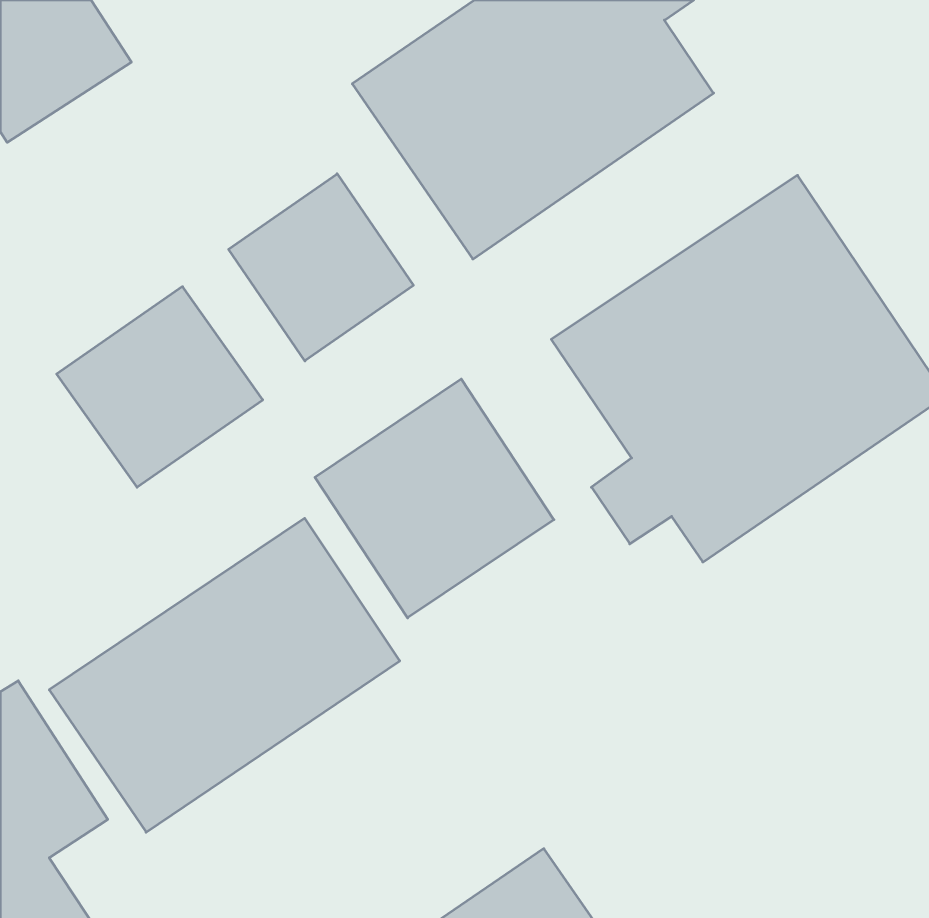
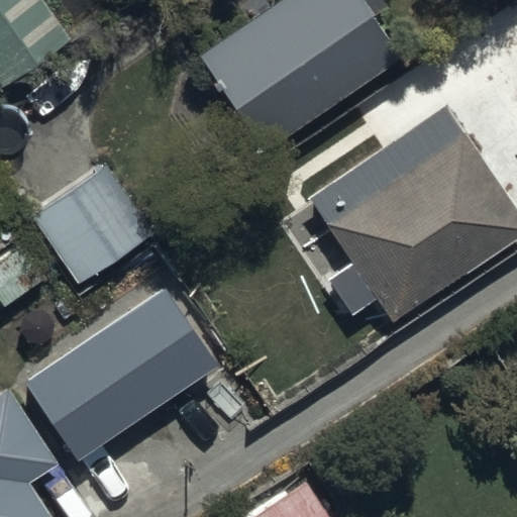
building: [229,174,413,361] -> none
building: [315,379,554,618] -> none

